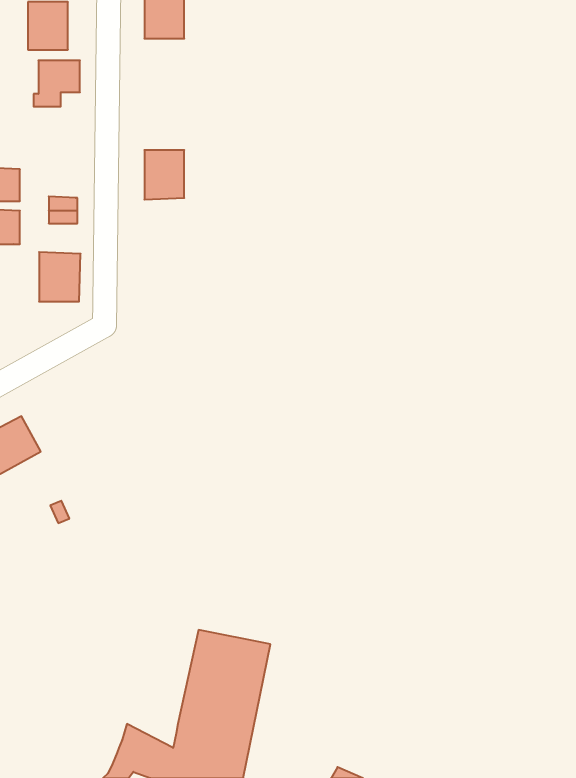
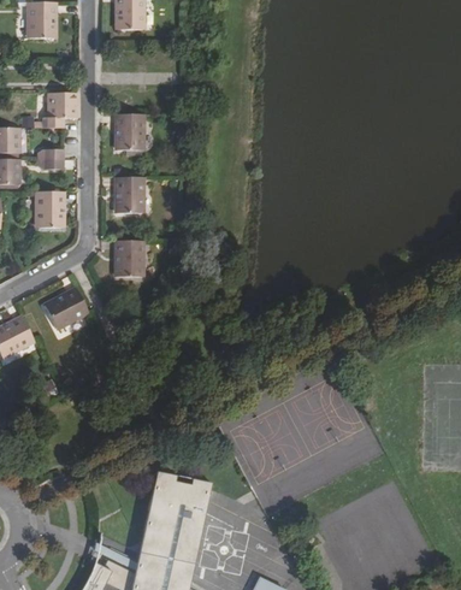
building: [34,60,80,107] -> [42,94,77,129]
building: none -> [113,177,143,214]
building: none -> [113,241,143,277]
building: none -> [42,288,88,331]

